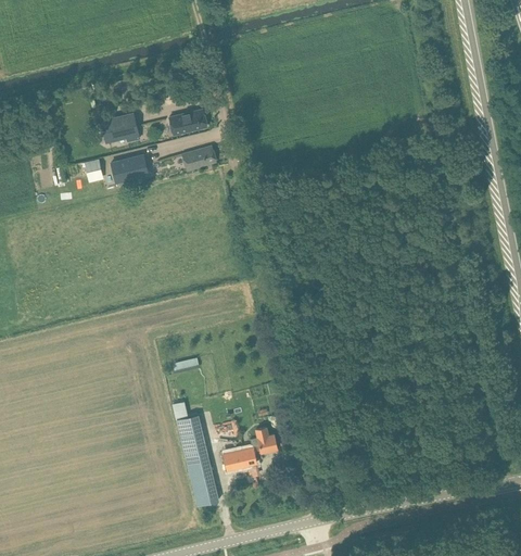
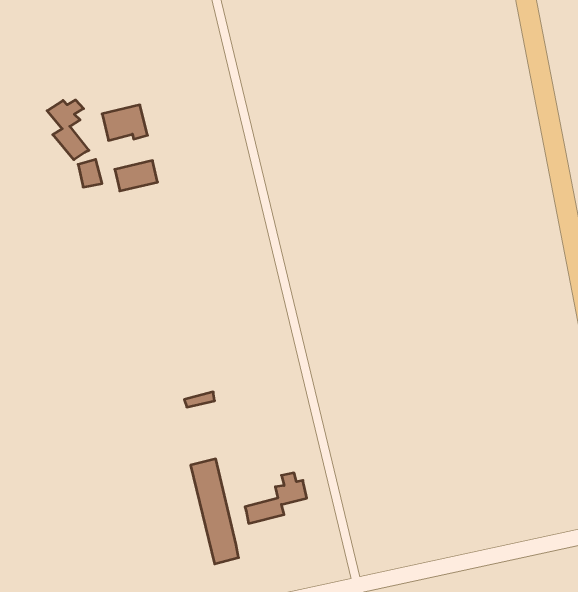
building: none -> [47,100,89,160]
building: [168,109,207,135] -> none
building: [182,146,216,170] -> none

